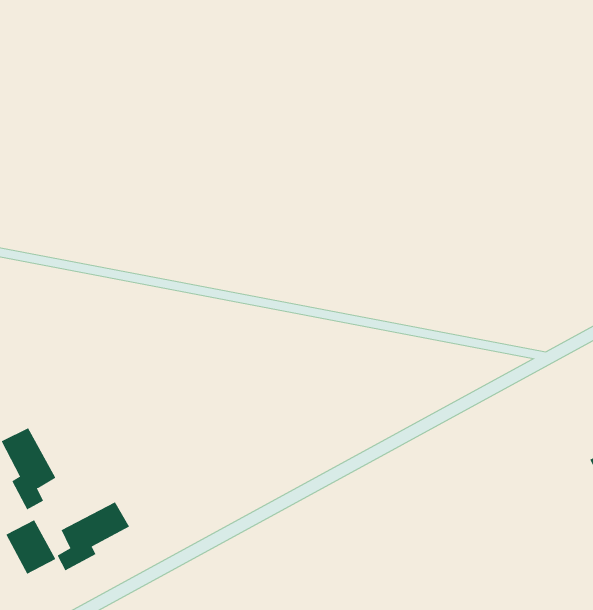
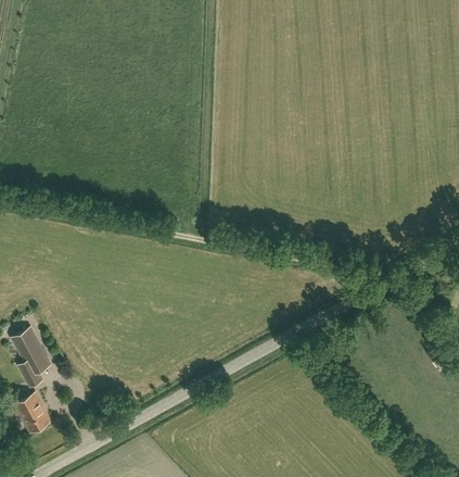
building: [57,501,130,571] -> none

